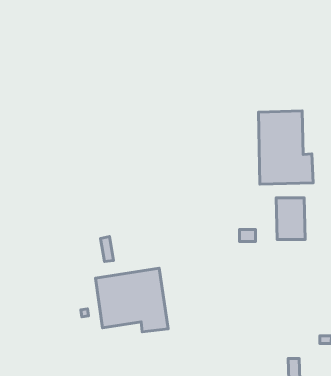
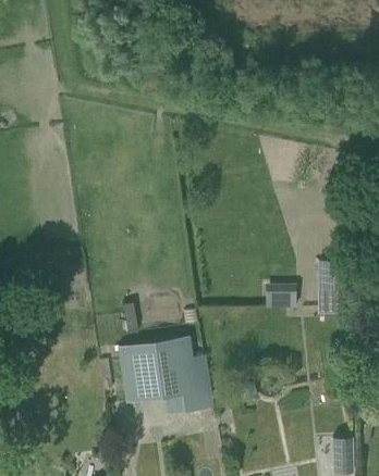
building: [258,111,313,184] -> none

